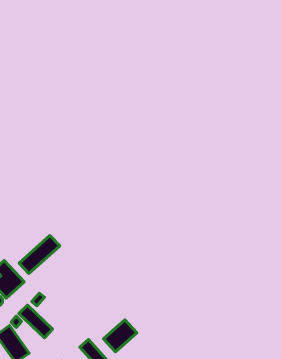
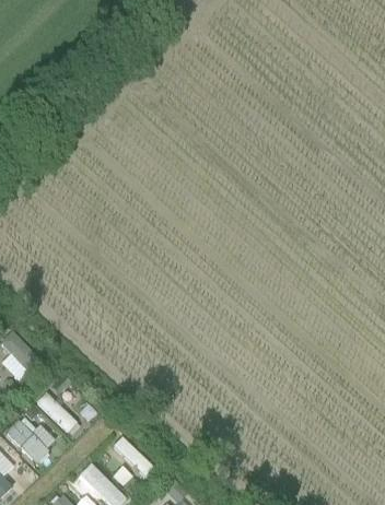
building: [19,235,60,274] -> none
building: [104,320,137,352] -> none

